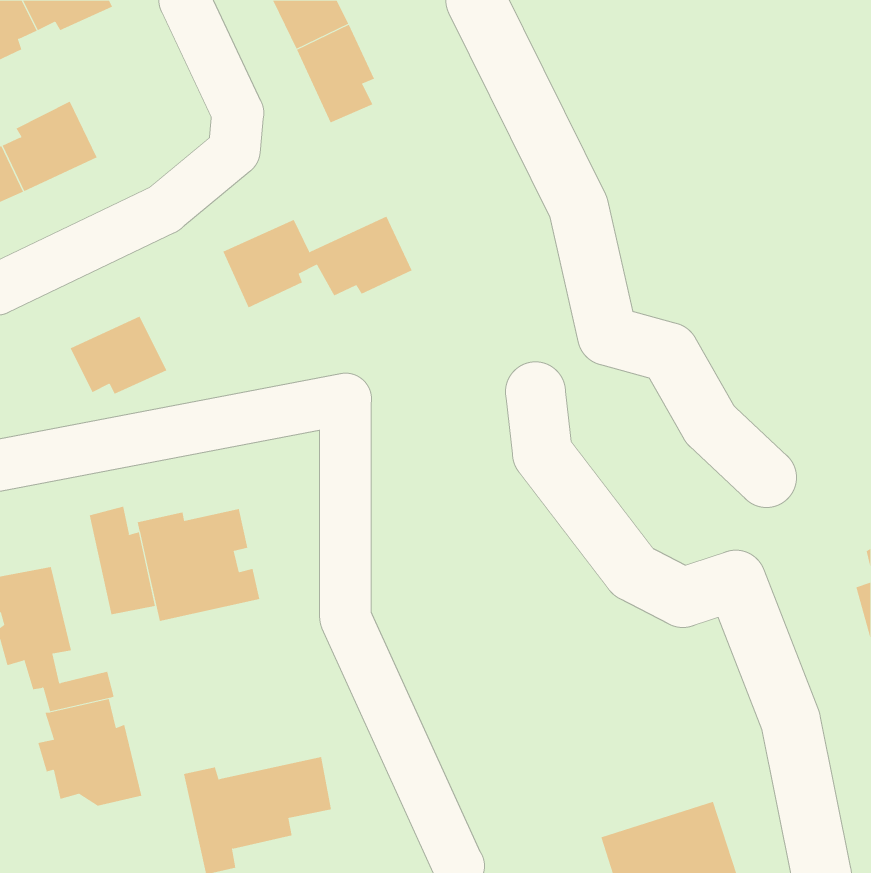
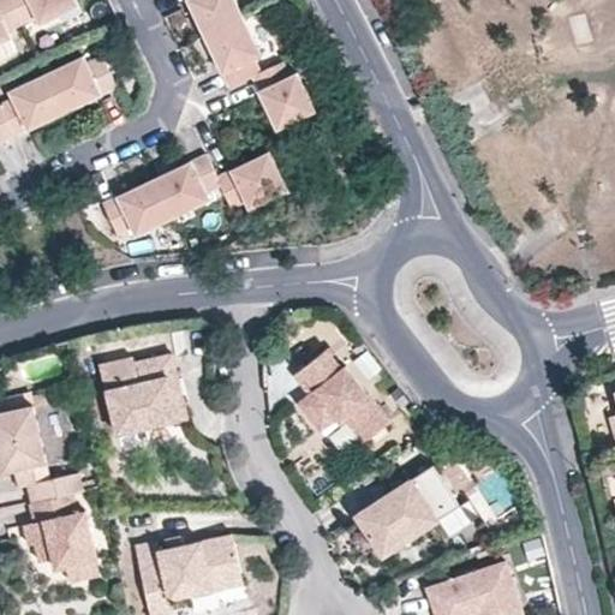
building: none -> [49,55,119,112]
building: none -> [253,64,316,130]
building: [70,316,167,395] -> [106,179,174,234]
building: none -> [291,350,386,442]
building: [89,506,155,615] -> none
building: none -> [354,465,458,555]

